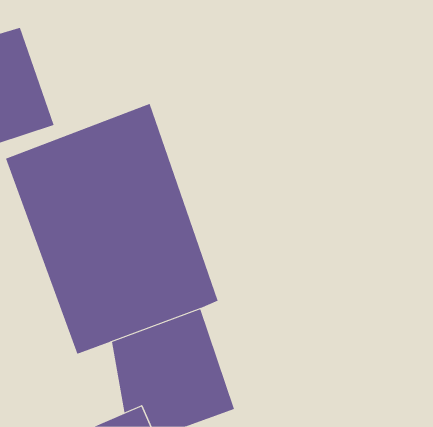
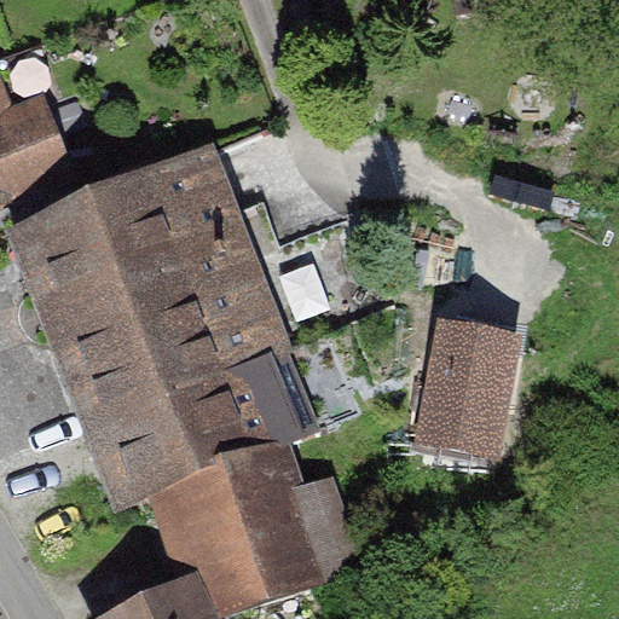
building: none -> [432,311,514,439]

